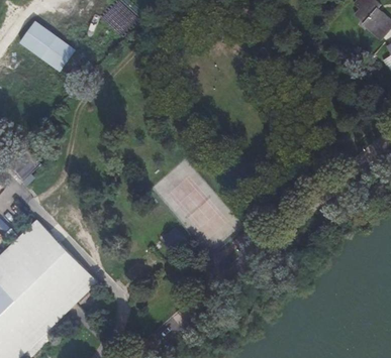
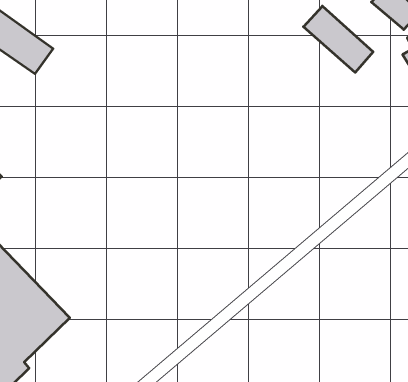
building: none -> [303,6,373,72]

